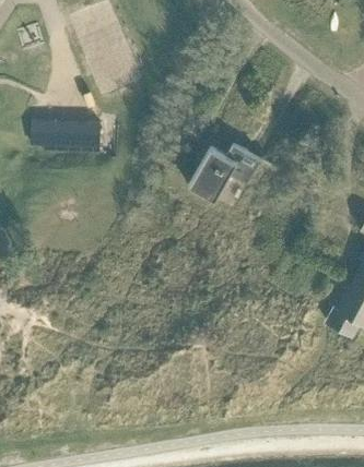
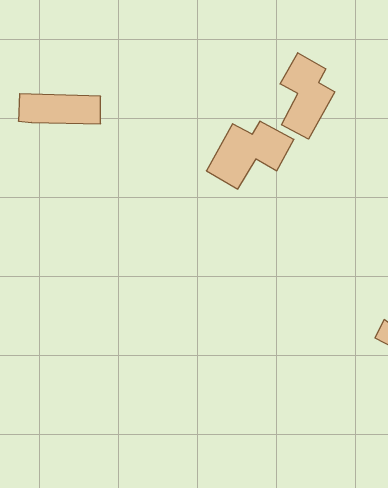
building: none -> [280,53,335,139]

